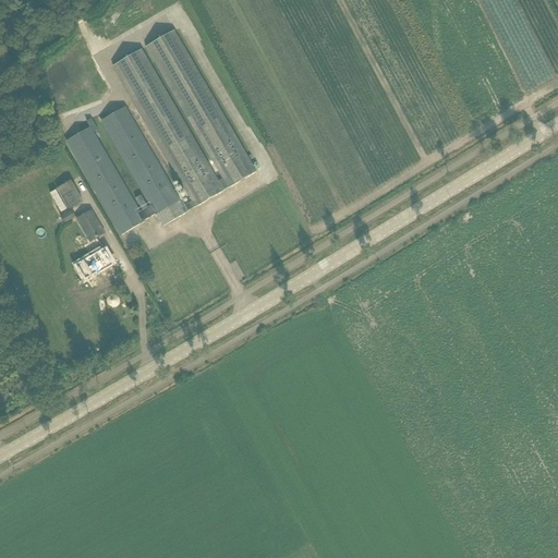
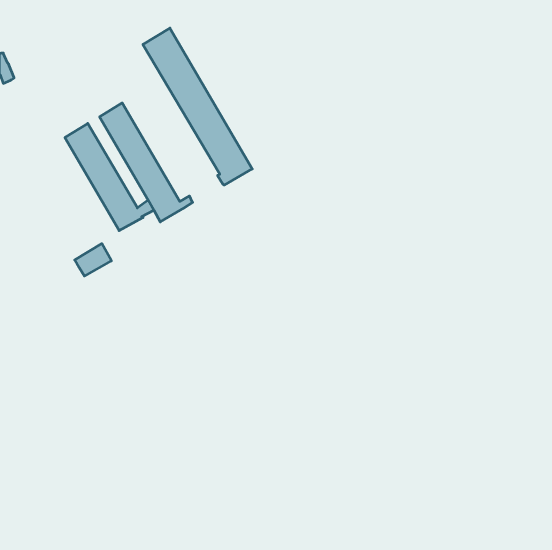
building: [112,48,225,204] -> none
building: [57,177,83,206] -> none
building: [75,207,104,238] -> none

